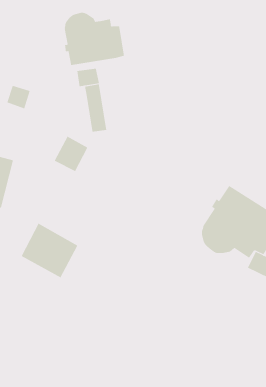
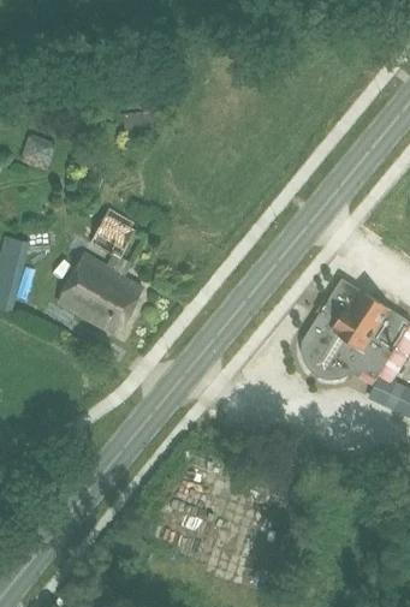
building: [64,12,124,66] -> none
building: [84,83,107,132] -> none
building: [21,223,78,278] -> [59,255,142,334]

